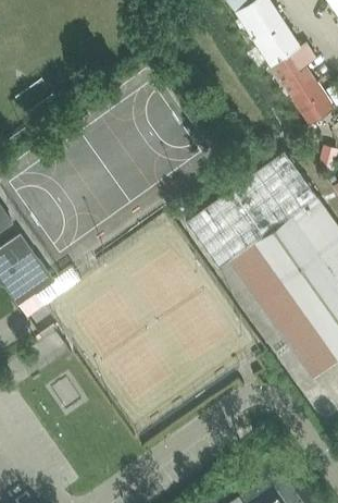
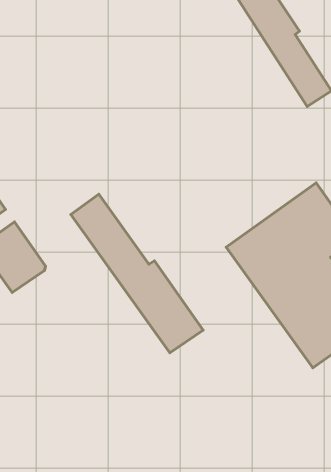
building: [185,151,316,268] -> none
building: none -> [71,194,203,353]

